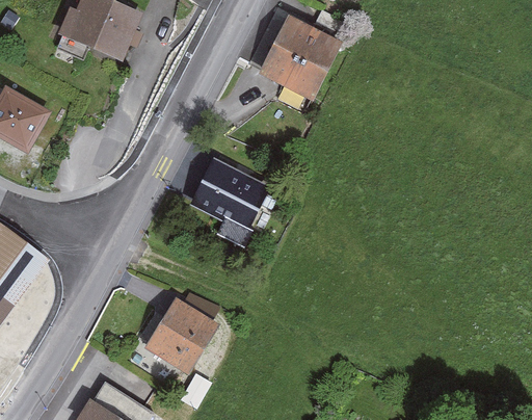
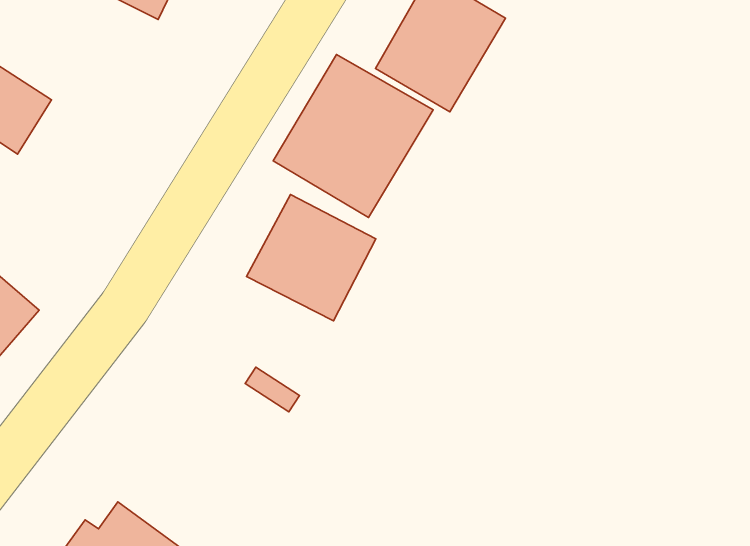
building: none -> [273,54,433,217]
building: [139,299,215,382] -> none

